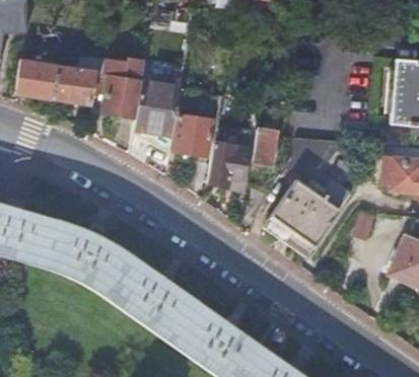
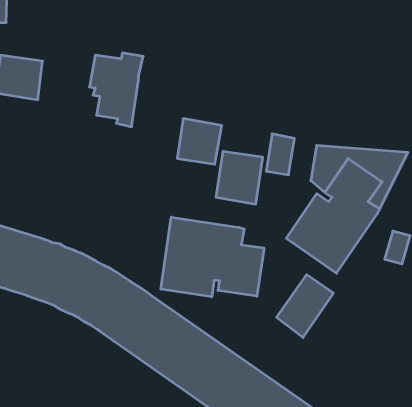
building: [53,57,103,104] -> none
building: [132,79,181,154] -> none
building: none -> [161,217,264,297]
building: none -> [277,275,333,338]

